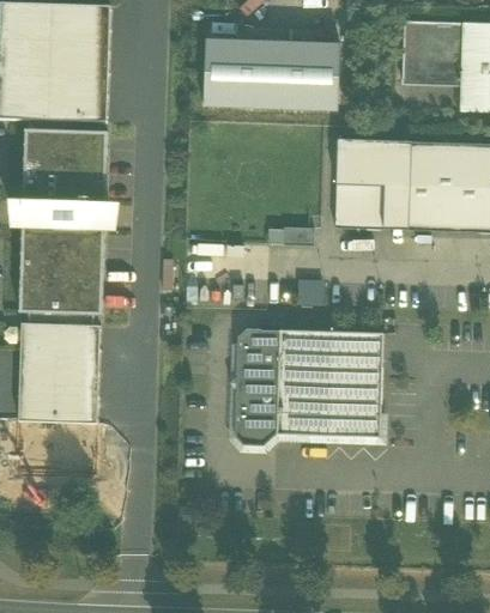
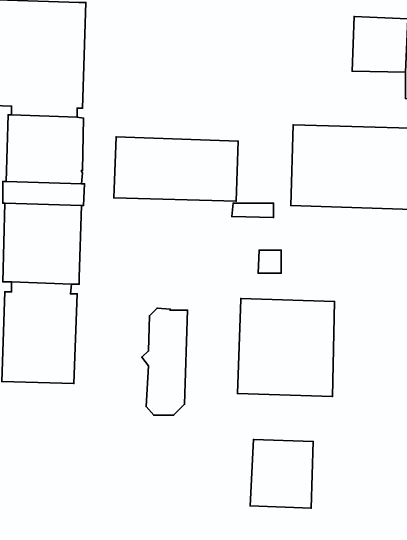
building: [201,38,338,109] -> [114,137,238,201]
building: [228,328,278,445] -> [142,308,188,415]
building: none -> [250,439,313,508]

